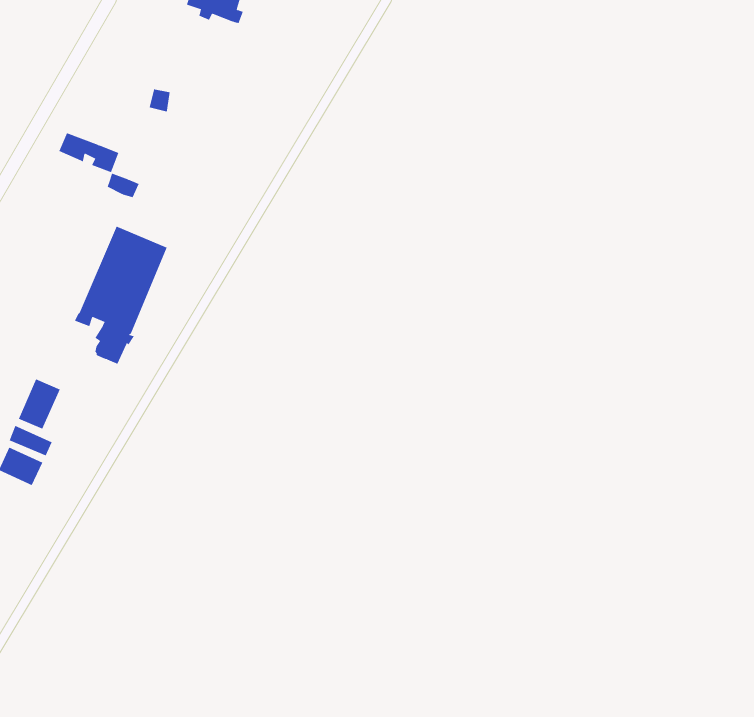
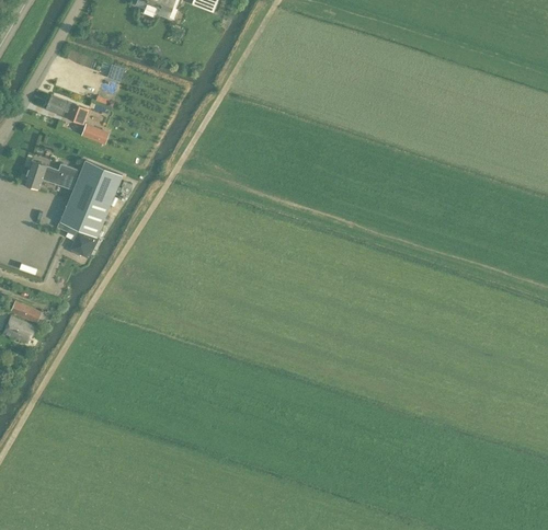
building: none -> [23,160,76,187]
building: [18,379,60,430] -> none

